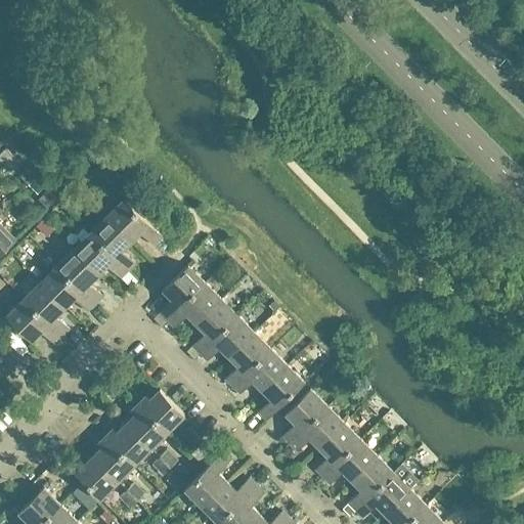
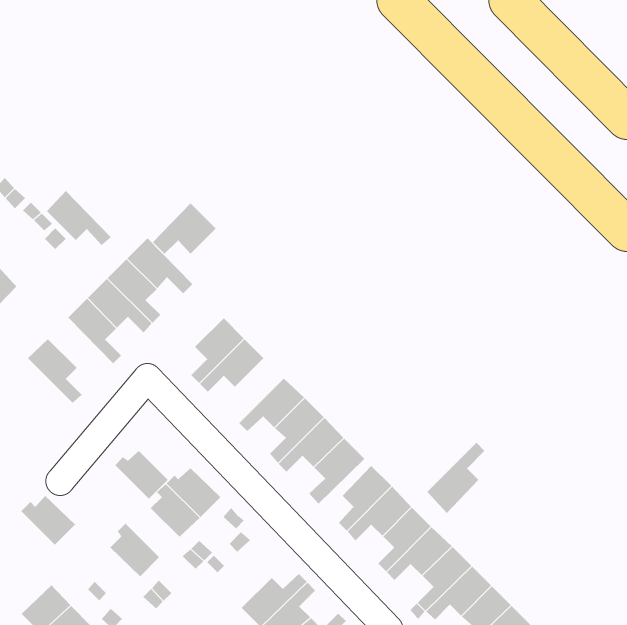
building: none -> [152,202,217,255]
building: [40,267,94,313] -> [46,190,111,246]
building: [5,301,60,346] -> none
building: [191,301,236,355] -> none
building: none -> [426,442,485,514]
building: [104,426,149,467] -> [114,450,168,499]
building: [183,453,230,509] -> none
building: [71,458,117,500] -> [21,495,76,545]

